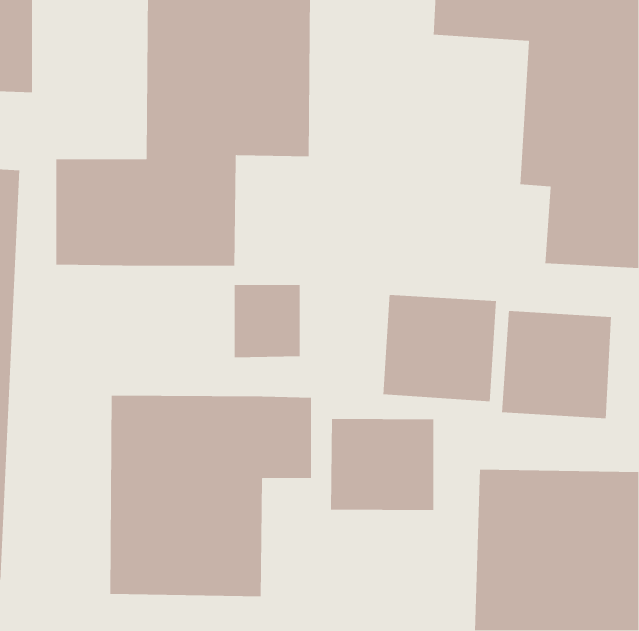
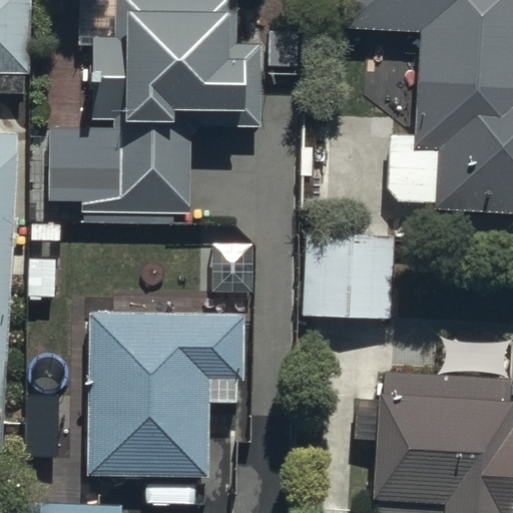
building: [501,310,612,419] -> none
building: [330,418,434,511] -> none

